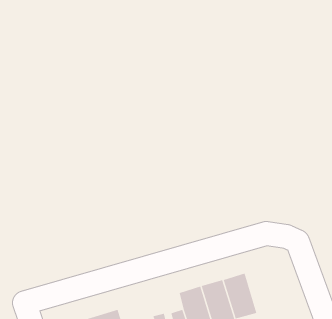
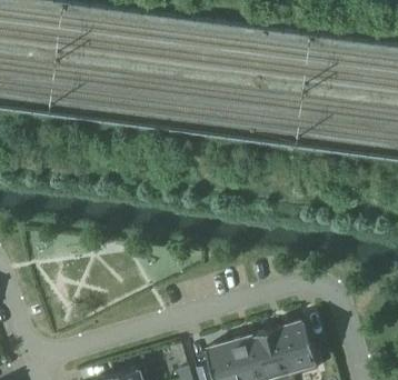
building: none -> [278,322,317,373]

